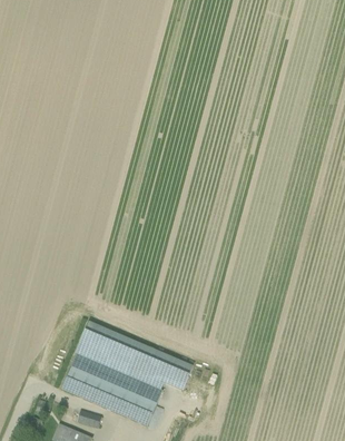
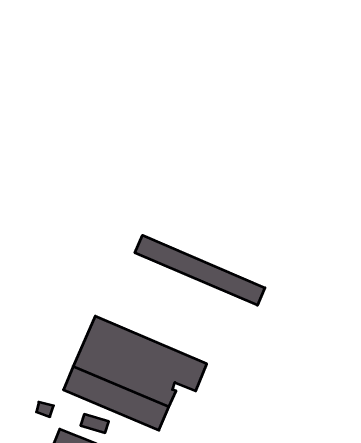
building: none -> [135,235,265,305]

